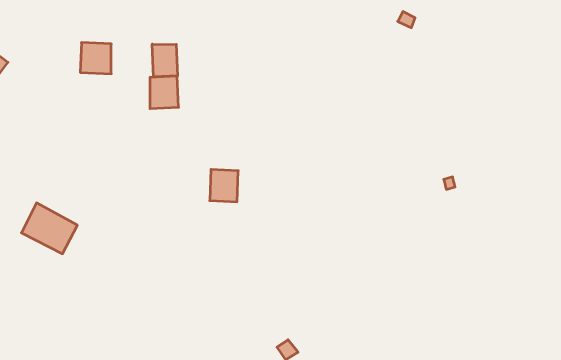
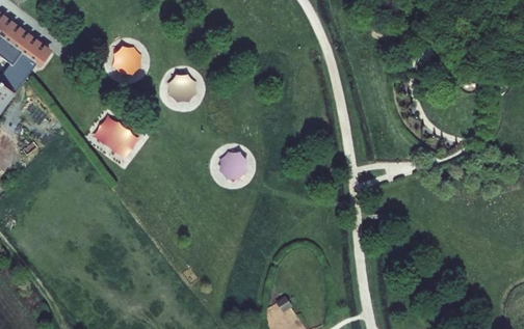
building: [152,44,178,77] -> none
building: [21,203,77,254] -> [93,112,139,155]

